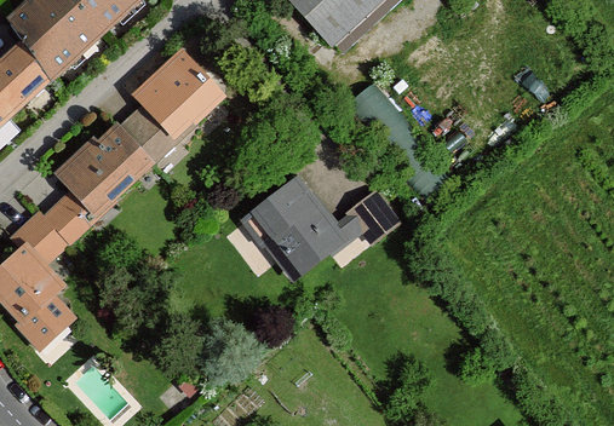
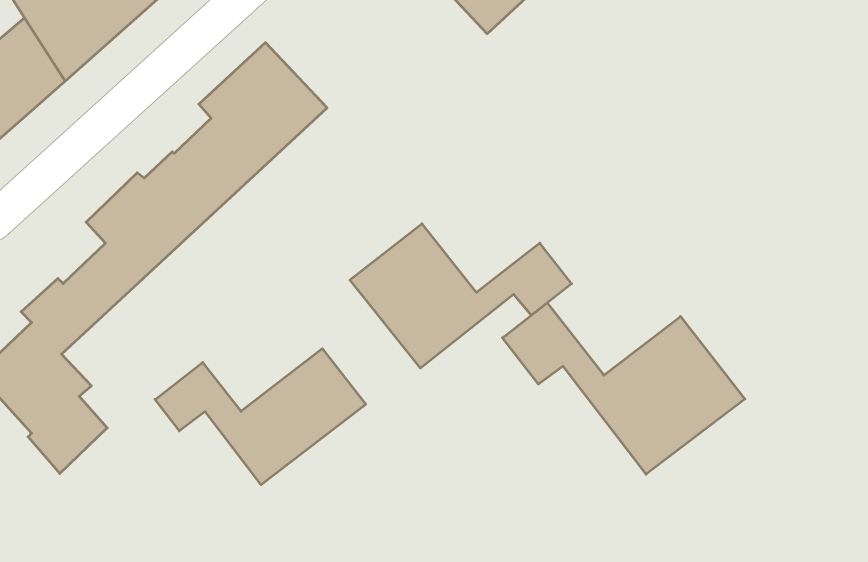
building: none -> [502,303,745,474]
building: none -> [155,349,366,485]

